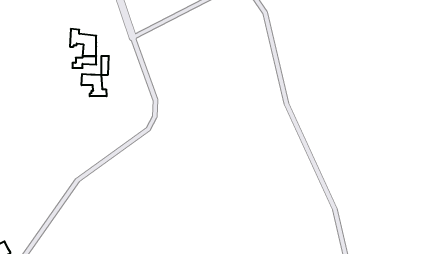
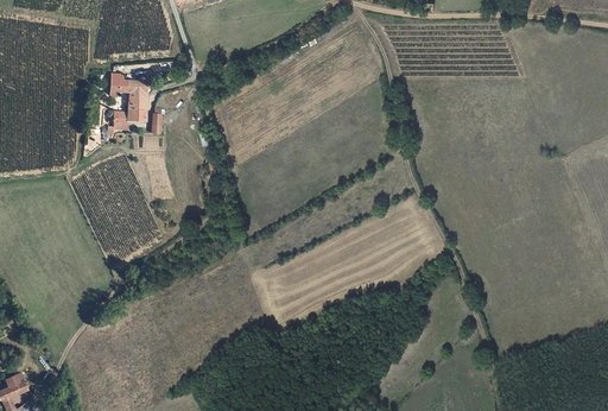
building: [82,74,107,96] -> none

